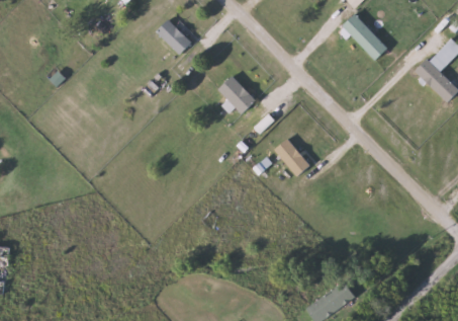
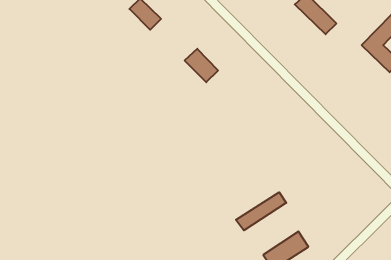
building: [274,137,309,175] -> none
building: none -> [236,192,286,230]

